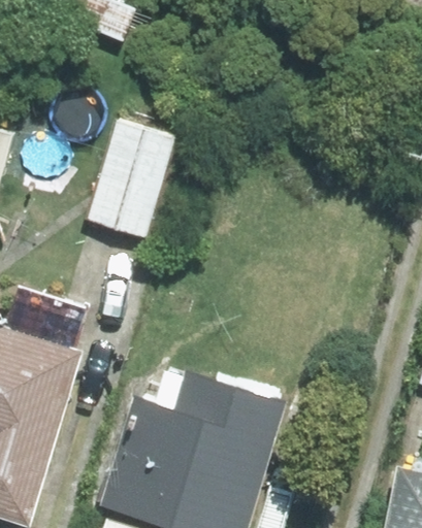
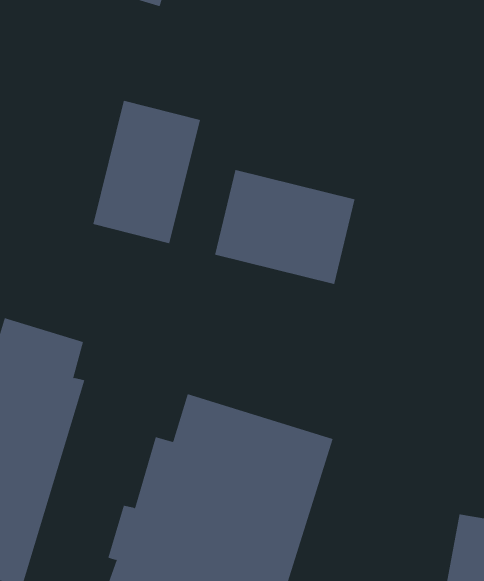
building: none -> [214,169,355,285]

